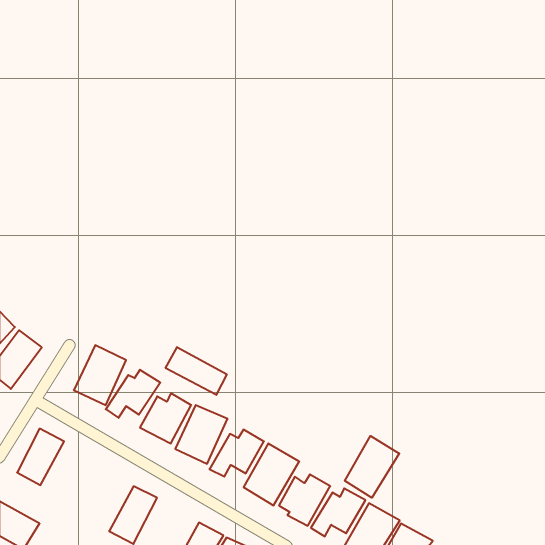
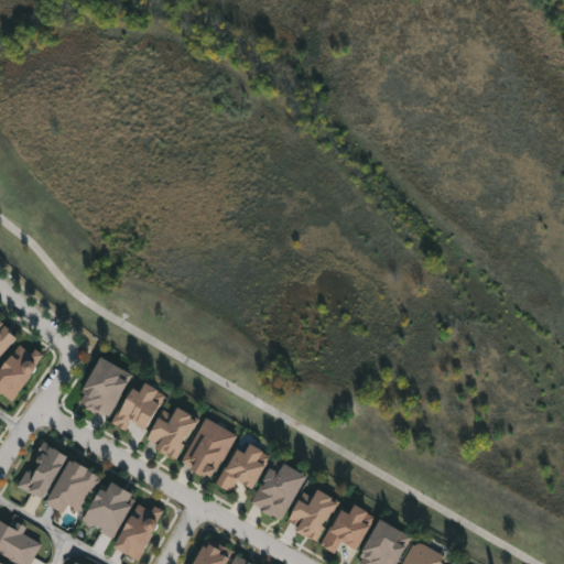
building: [166,347,227,395] -> none
building: [345,436,399,498] -> none
building: none -> [44,459,100,514]
building: none -> [83,480,135,540]

